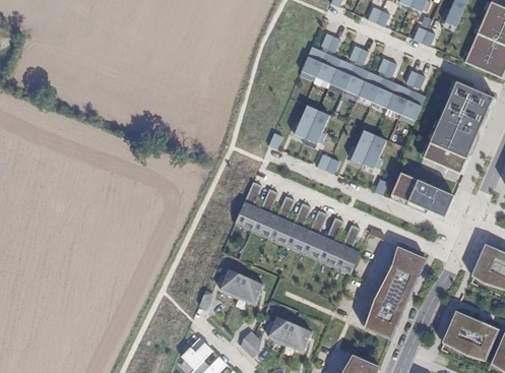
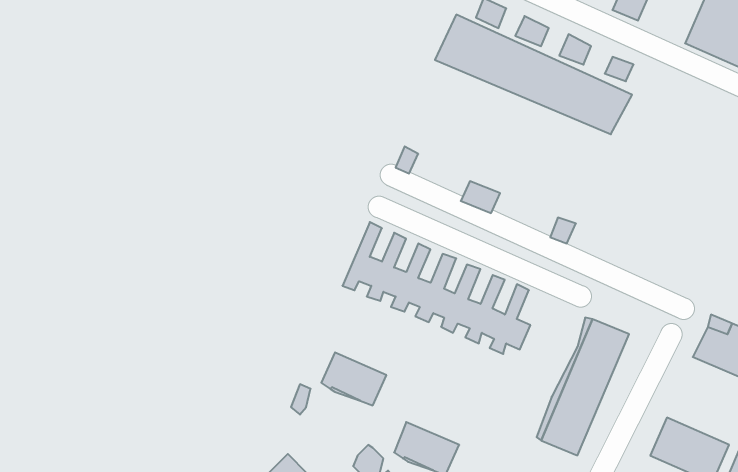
building: [423,81,494,174] -> none
building: [293,100,335,147] -> none
building: [345,126,387,172] -> none
building: [387,174,451,219] -> none

